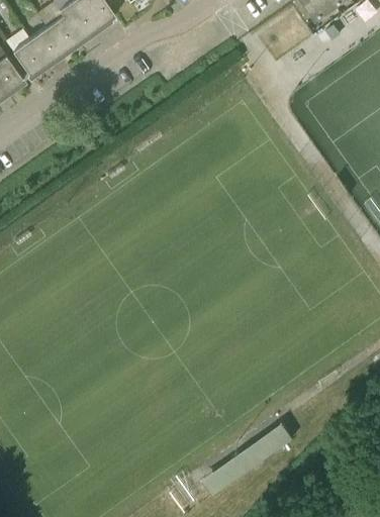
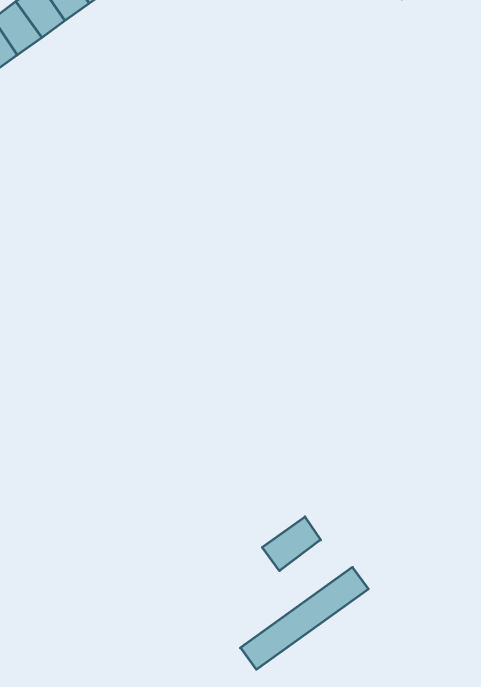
building: none -> [262,517,321,571]

